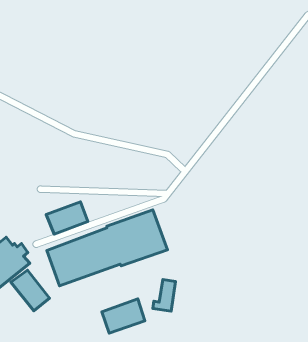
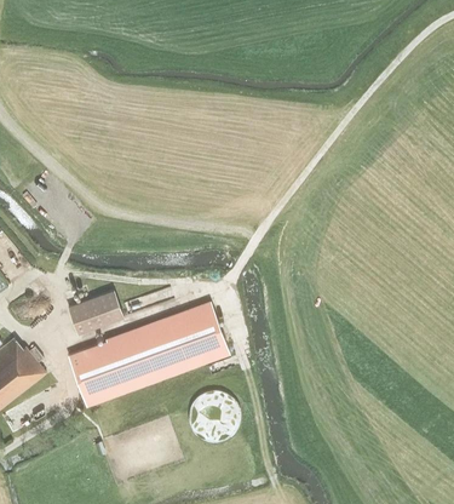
building: [11,270,50,311] -> none
building: [102,299,145,333] -> none

